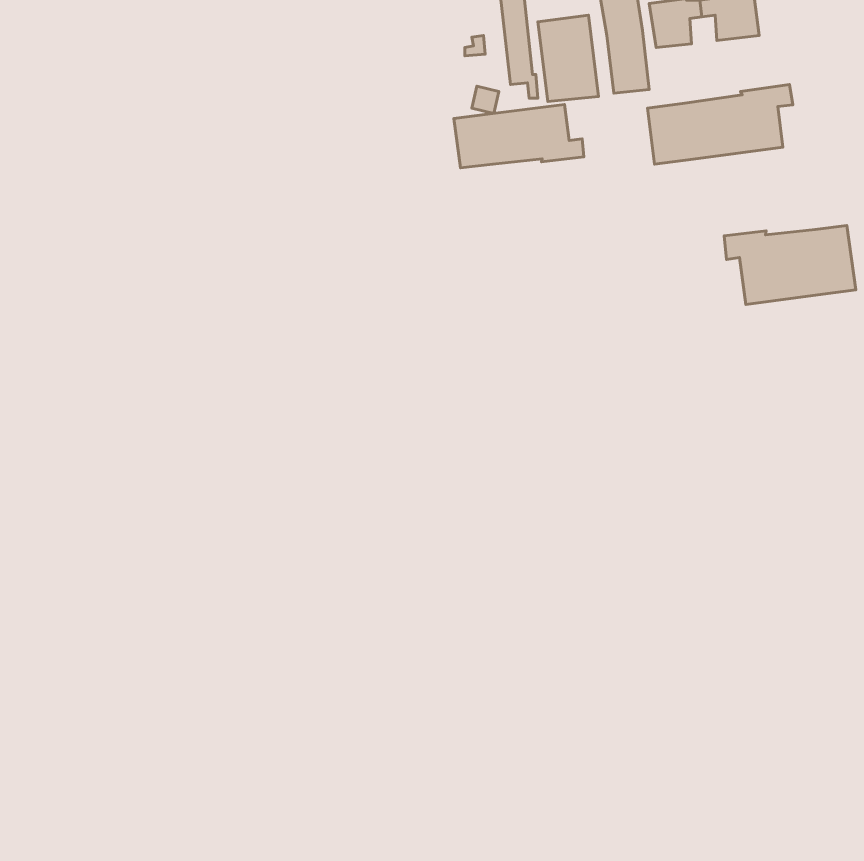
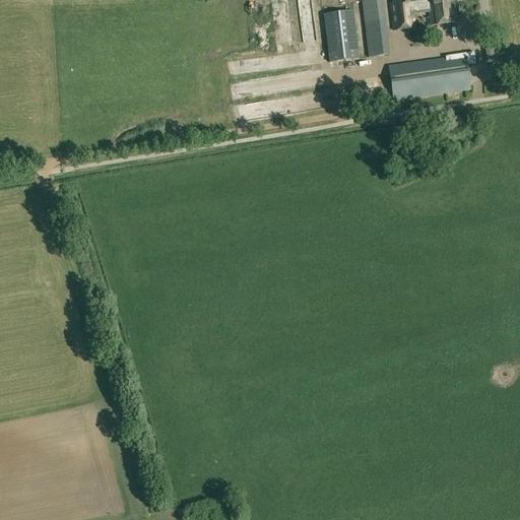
building: [454,104,584,168] -> none
building: [724,225,856,304] -> none

